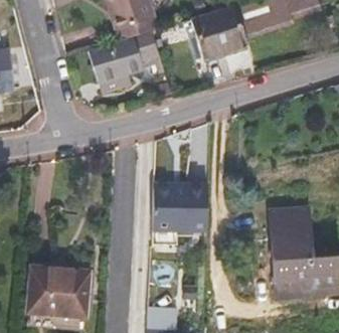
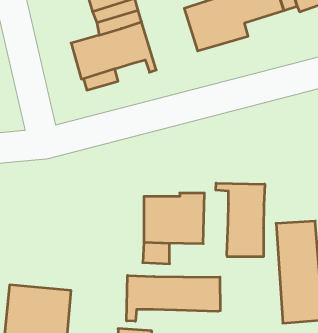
building: none -> [216,183,265,257]
building: none -> [127,275,220,321]

